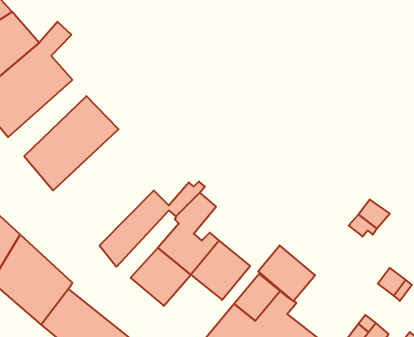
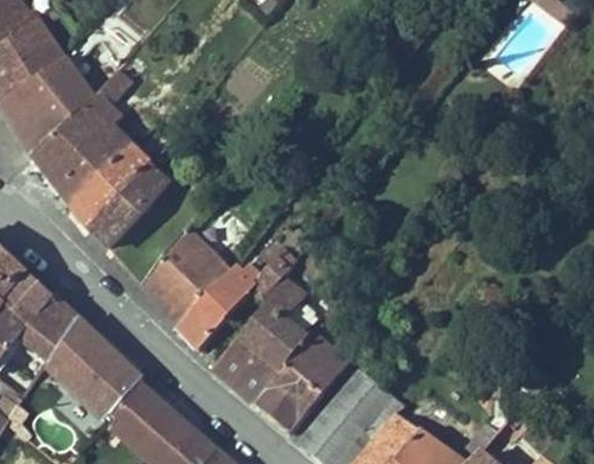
building: none -> [65,135,158,225]
building: none -> [135,225,237,331]
building: [258,245,315,301] -> none
building: none -> [249,366,318,433]

